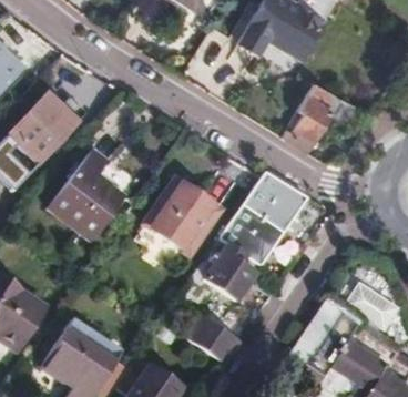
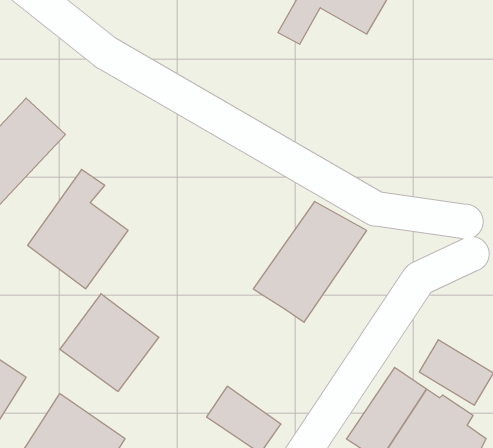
building: [283,82,340,152] -> none
building: [144,177,220,252] -> [60,294,159,391]
building: [194,240,255,299] -> none

